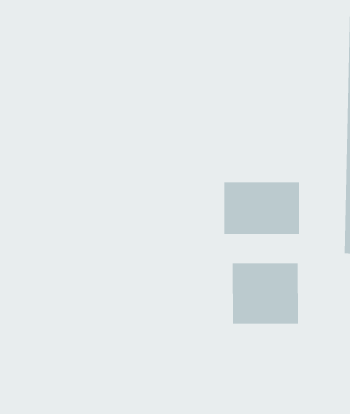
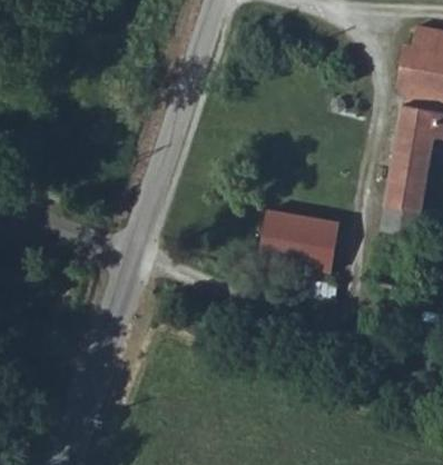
building: [232,263,298,324] -> none

